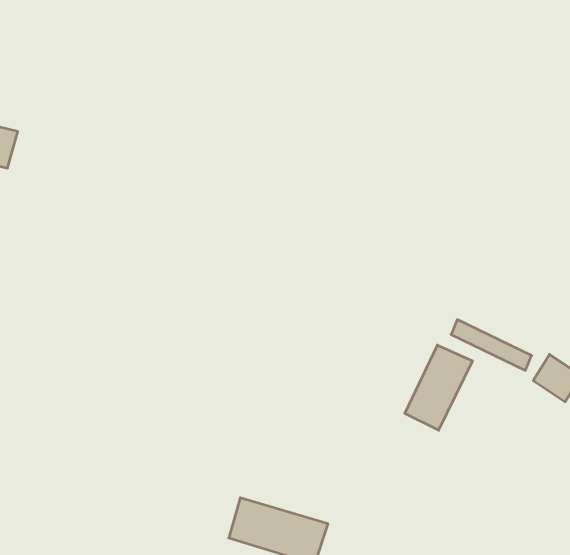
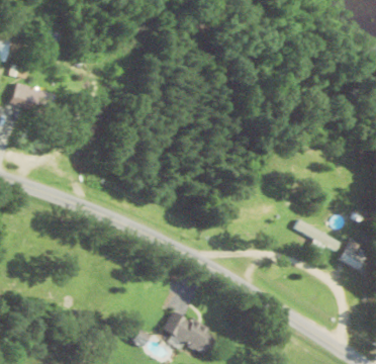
building: [405,345,472,430] -> none

